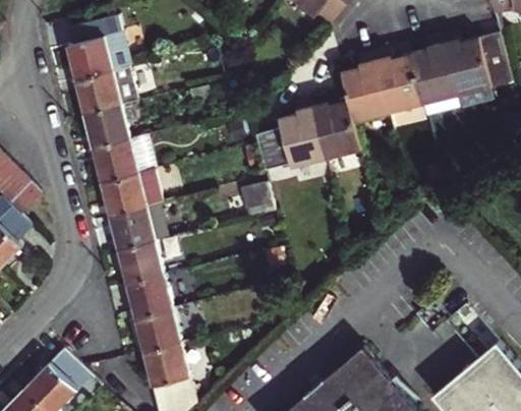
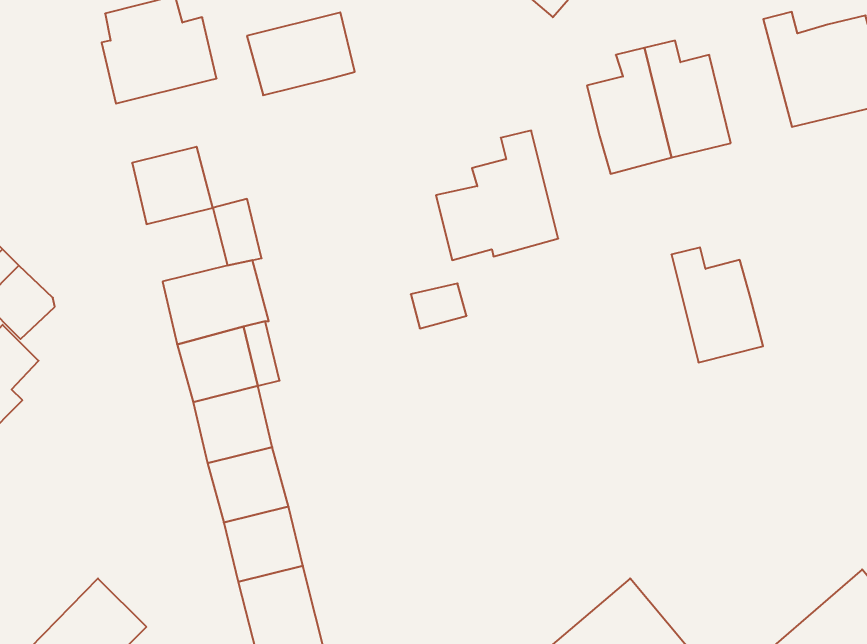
building: [409,34,456,104] -> none
building: [73,68,134,115] -> [247,12,355,95]
building: [308,93,360,158] -> [671,247,763,362]
building: [91,140,136,182] -> none

